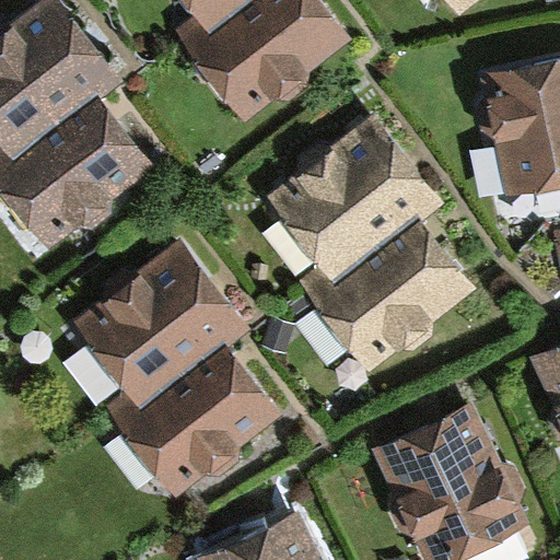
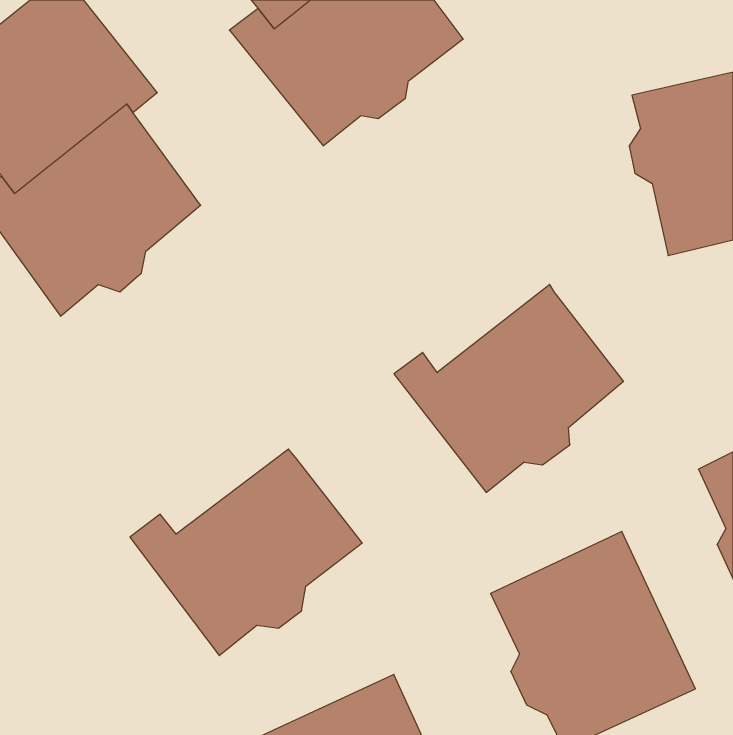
building: [266,115,444,284] -> none
building: [68,241,245,407] -> none

